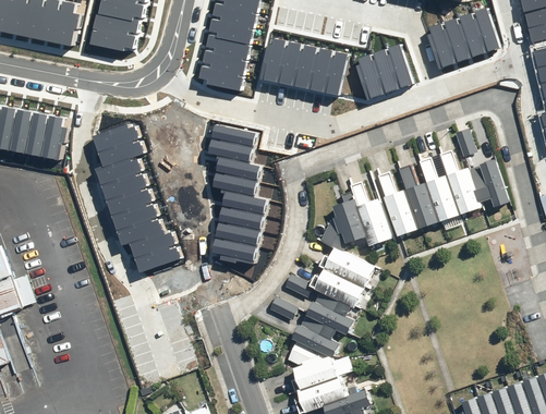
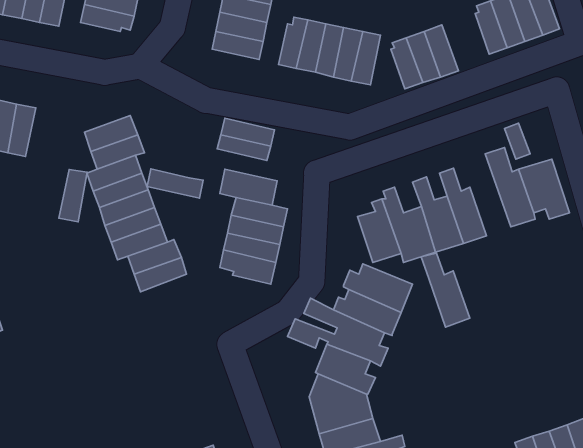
building: [199,65,243,90] -> none
building: [44,115,68,160] -> [59,169,87,222]
building: [214,153,262,178] -> [147,169,203,198]
building: [416,161,458,224] -> [421,253,470,327]

